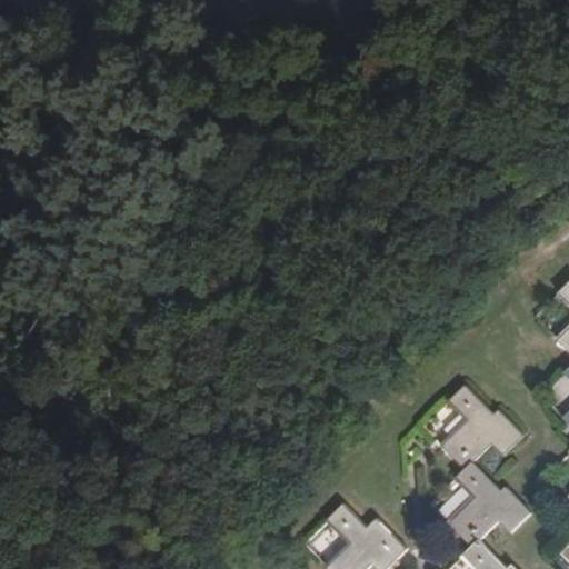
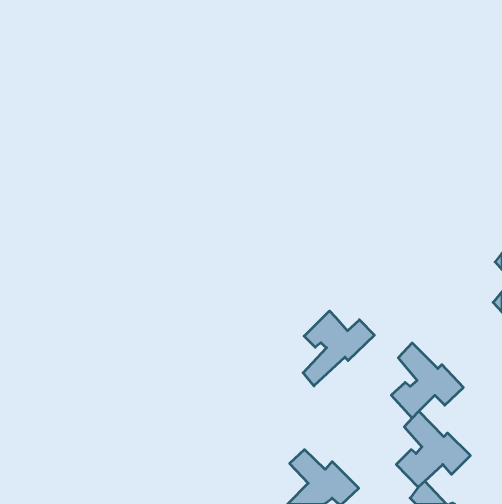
building: none -> [303,311,374,386]

